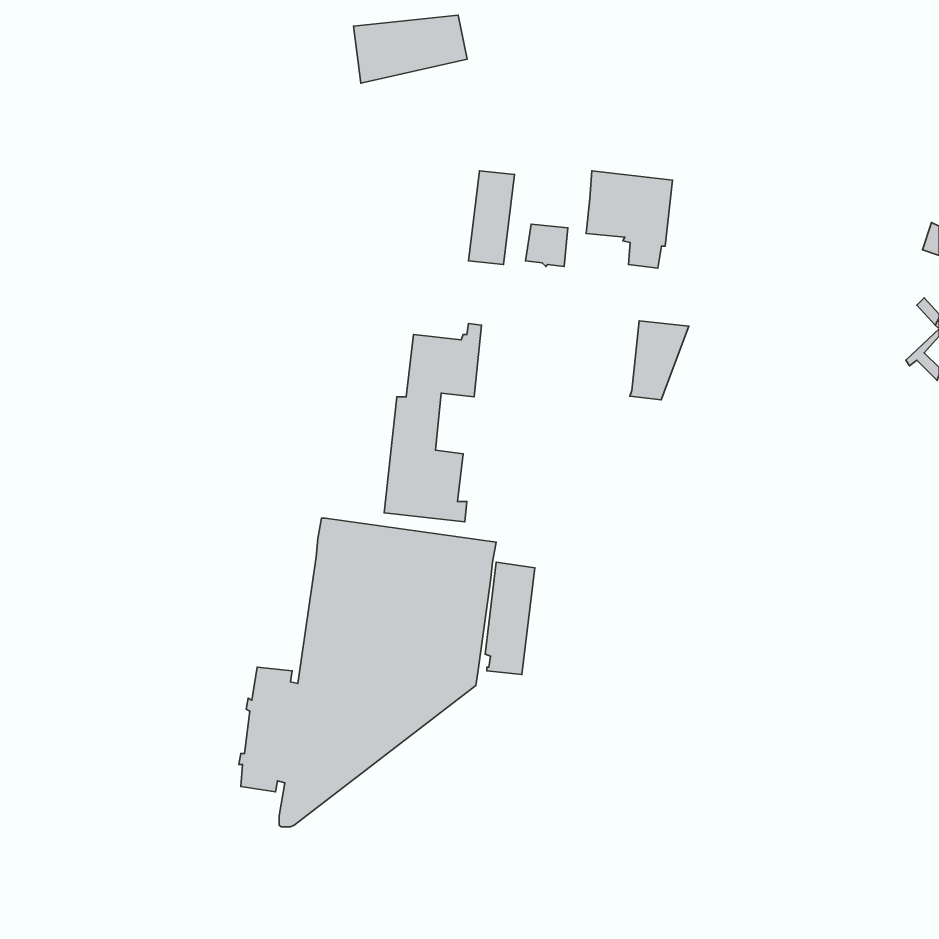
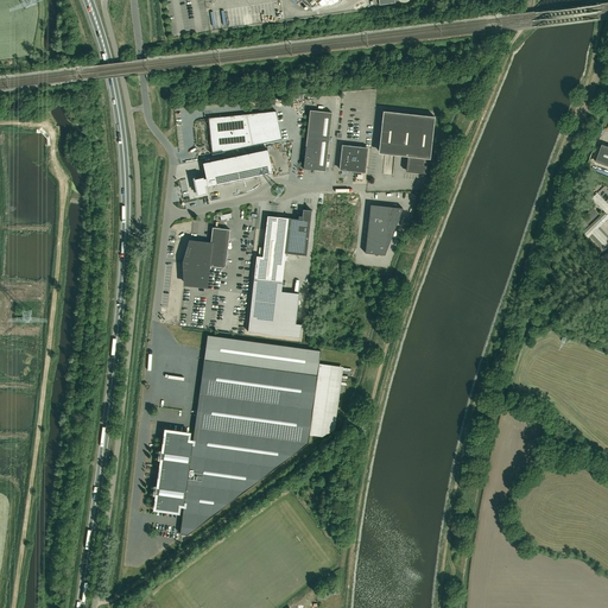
building: [353,15,467,83] -> [208,110,281,154]
building: none -> [194,150,272,195]
building: [630,321,689,400] -> [365,204,403,255]
building: none -> [185,228,230,287]

